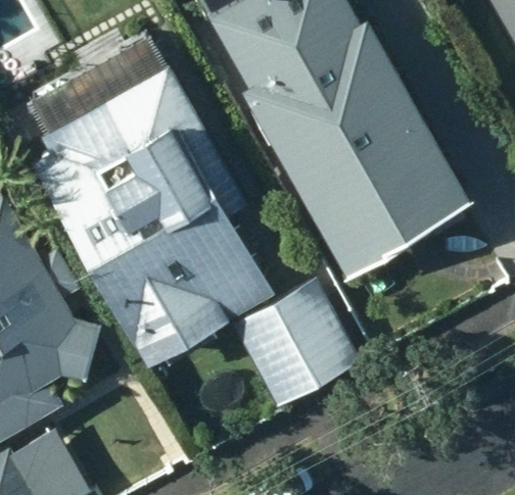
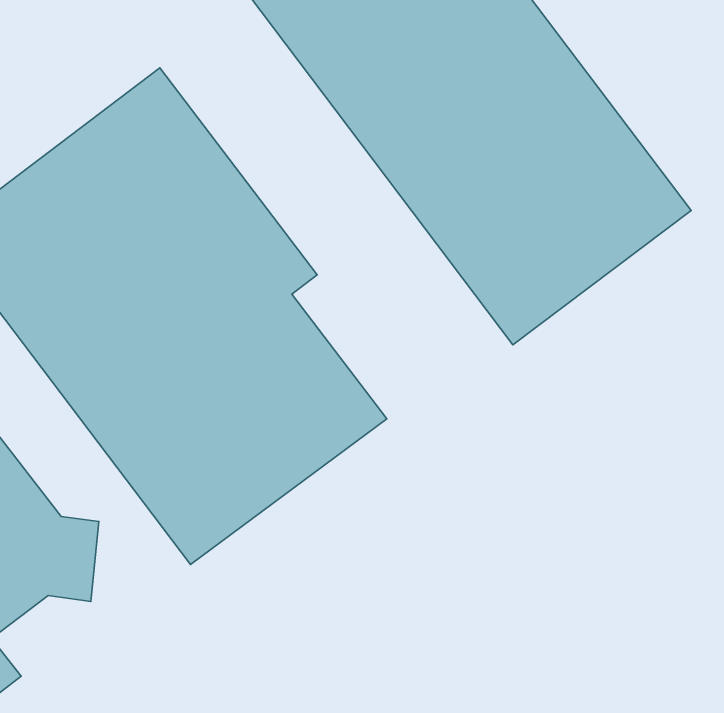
building: [235,282,358,404] -> none

